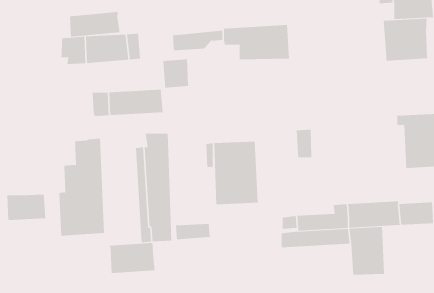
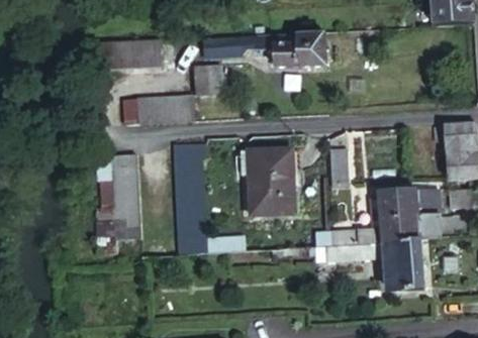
building: [69,11,120,37] -> none
building: [383,18,428,62] -> none
building: none -> [371,188,441,216]
building: [7,194,46,221] -> none
building: [109,242,155,274] -> none

